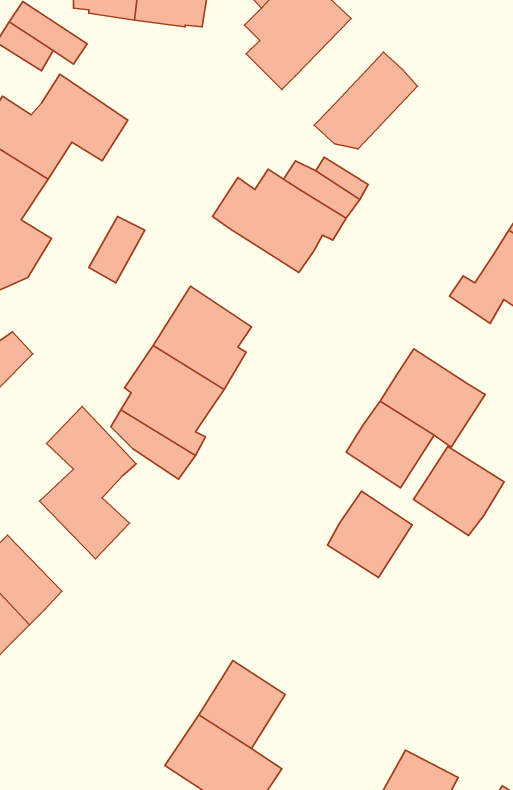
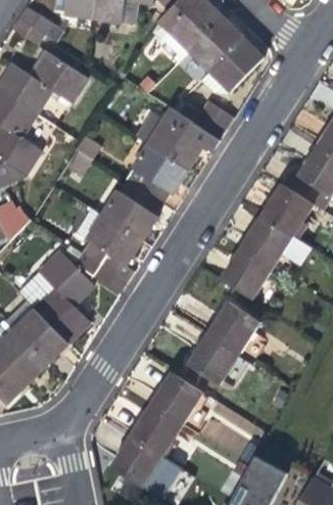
building: none -> [188,16,241,72]
building: none -> [125,143,190,202]
building: none -> [259,184,313,237]
building: [414,446,504,535] -> none
building: none -> [14,308,67,362]
building: none -> [188,334,238,384]
building: none -> [150,372,201,424]

